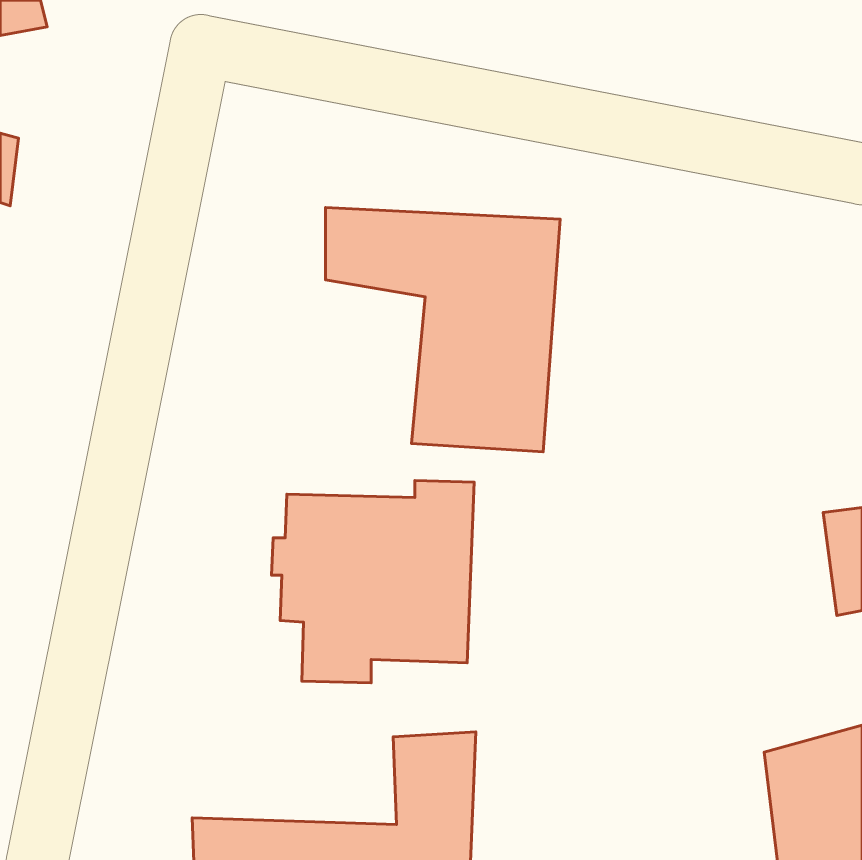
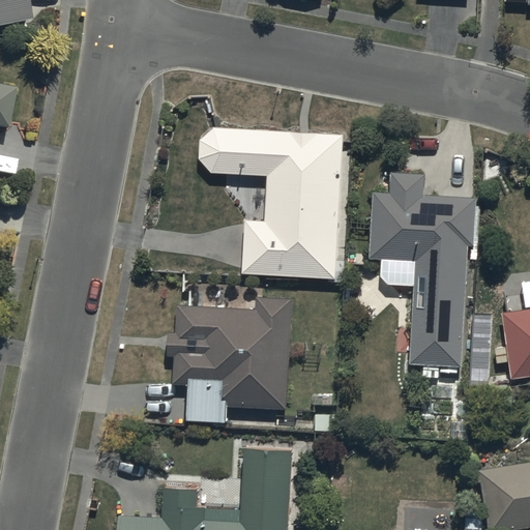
building: none -> [373,181,475,371]

